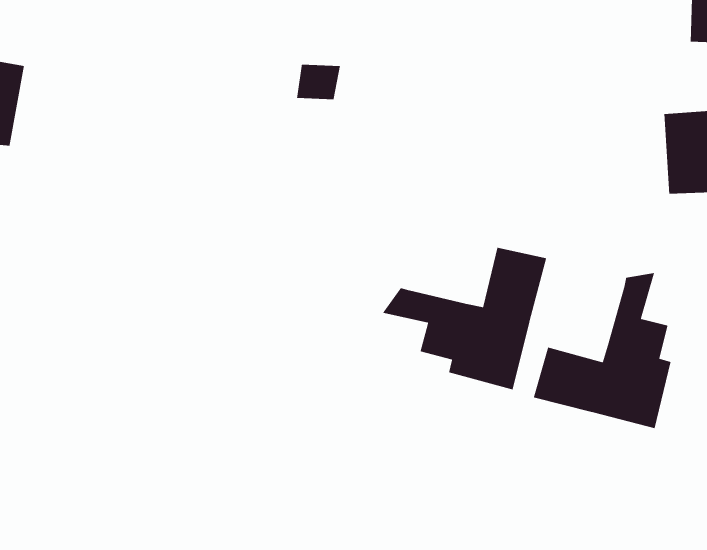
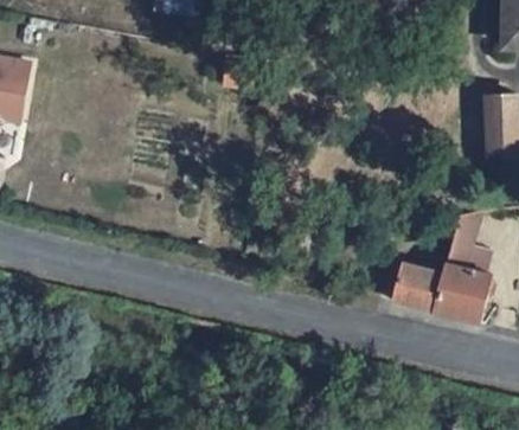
building: [382,247,547,390] -> none

